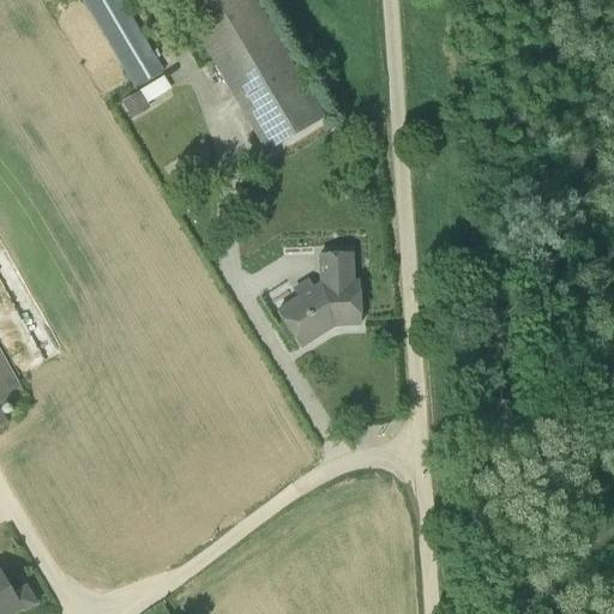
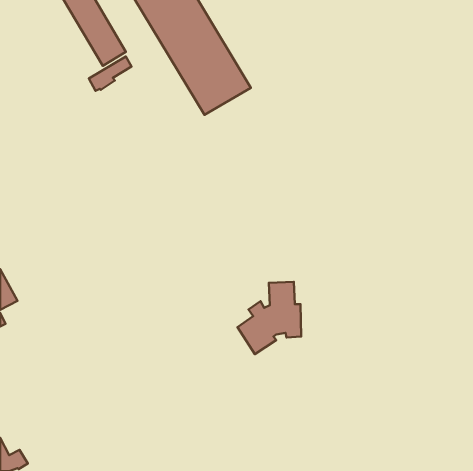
building: [277,251,360,344] -> [237,282,301,354]

